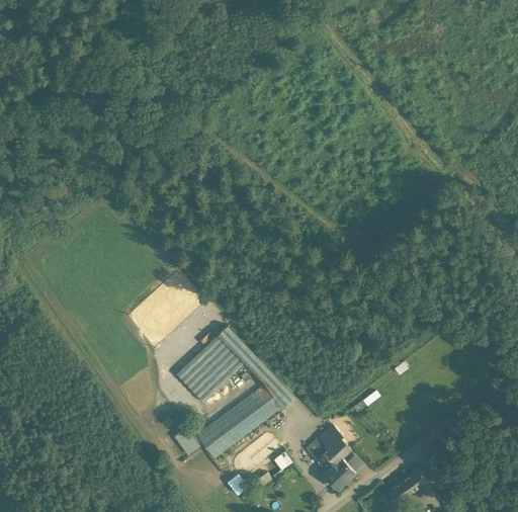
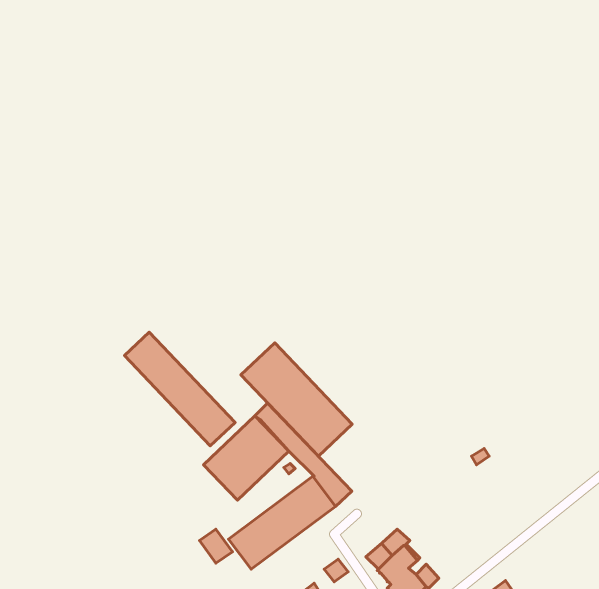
building: none -> [124,332,235,446]
building: none -> [241,343,352,456]

